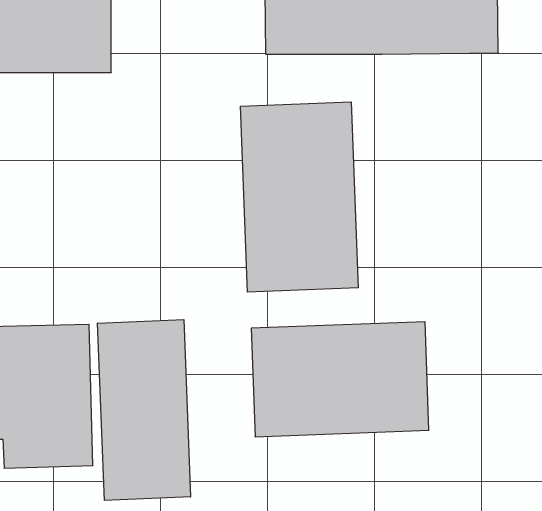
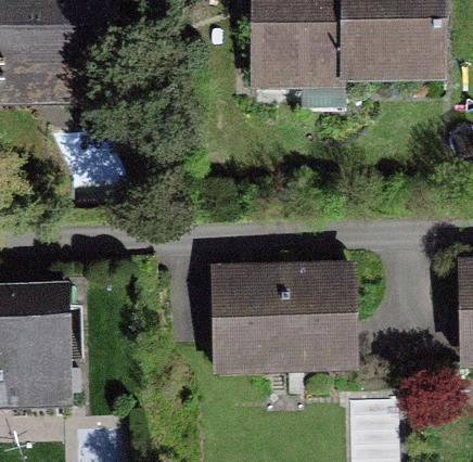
building: [241,102,358,292] -> none
building: [98,320,190,500] -> none

